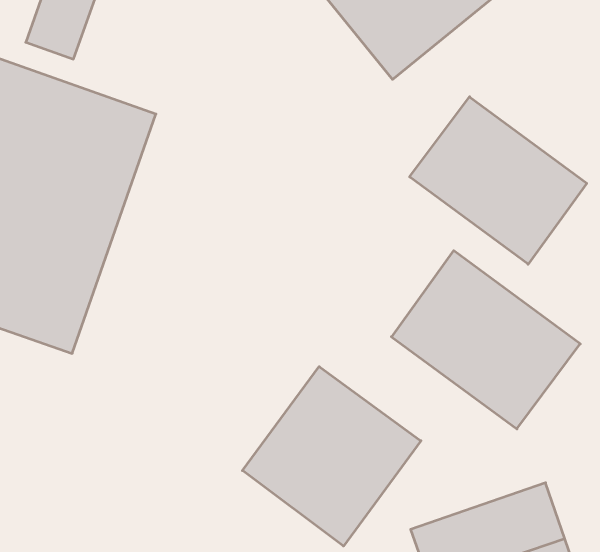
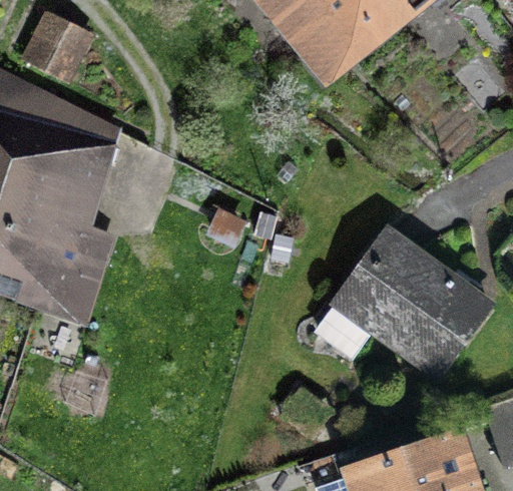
building: [410,97,587,264] -> none
building: [242,367,421,546] -> none

